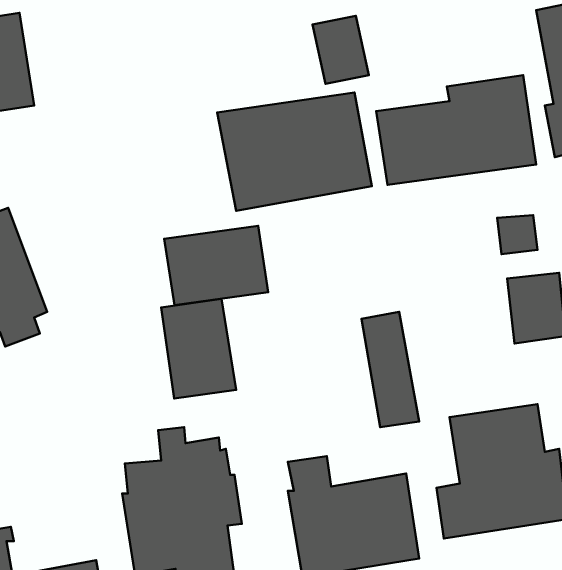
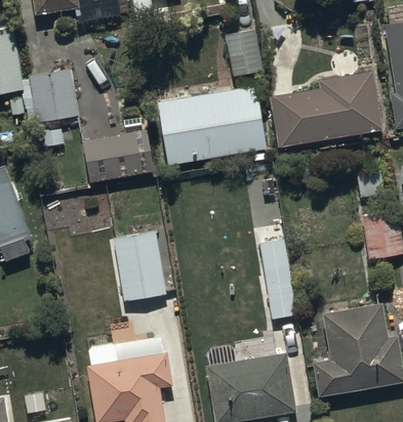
building: none -> [26,68,82,124]
building: [164,226,268,305] -> [82,126,156,182]

